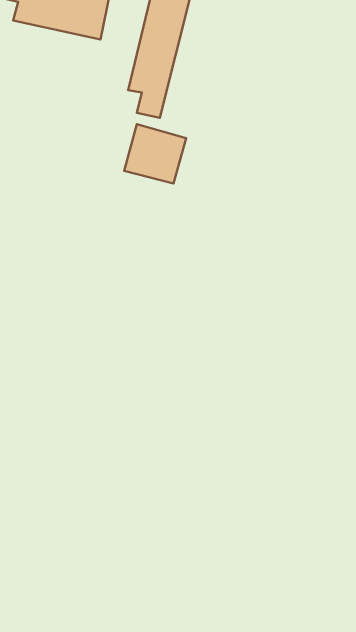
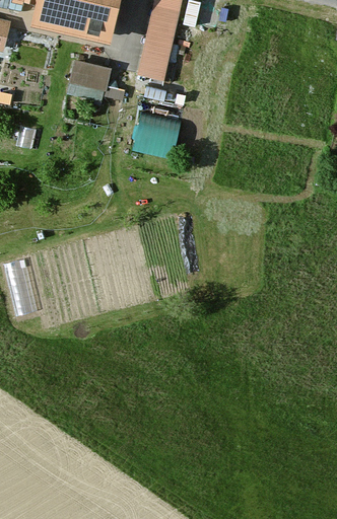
building: none -> [68,59,122,100]

